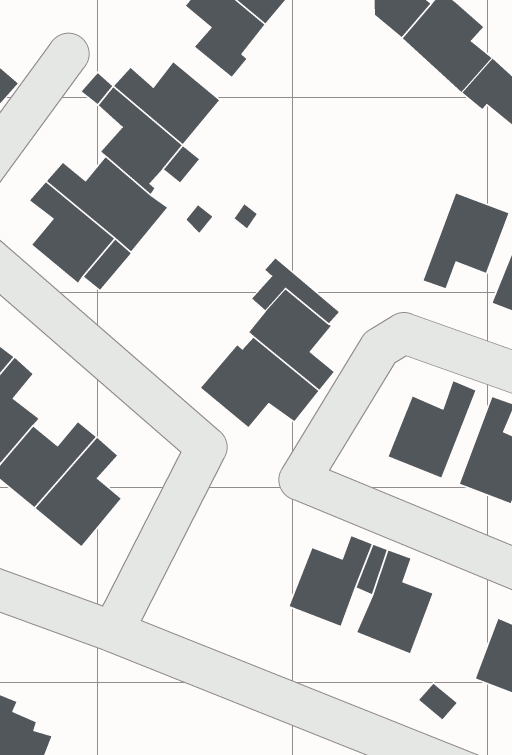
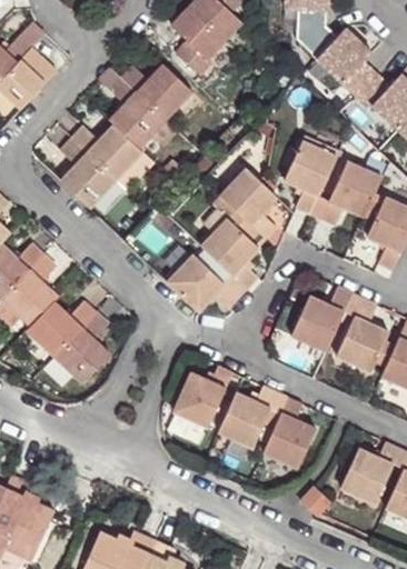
building: none -> [284,141,336,214]
building: none -> [220,168,277,238]
building: none -> [173,367,232,428]

